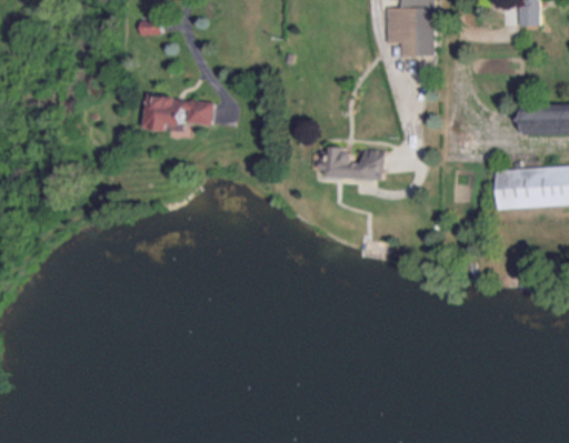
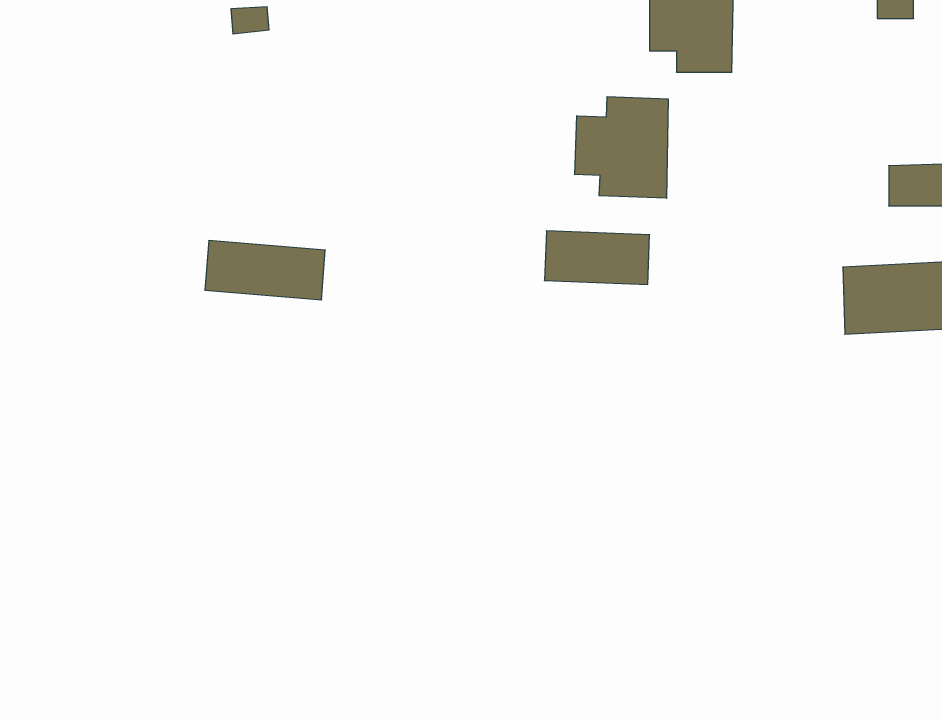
building: none -> [575,97,668,198]
building: [143,97,213,131] -> [205,241,325,300]

